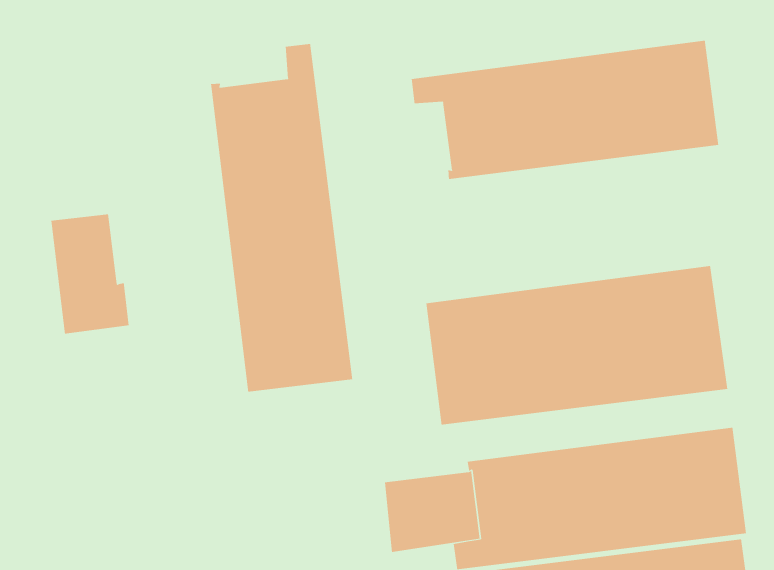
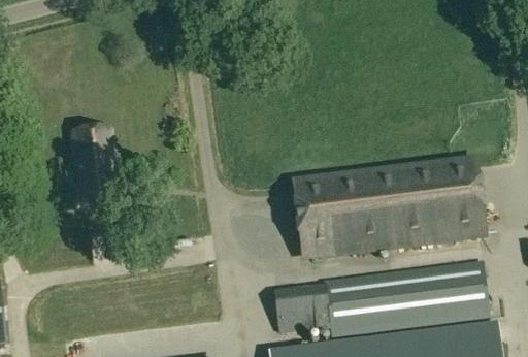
building: [411,40,719,180] -> none
building: [210,43,353,392] -> none

